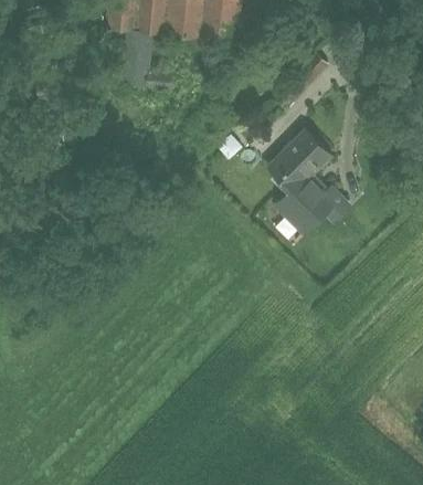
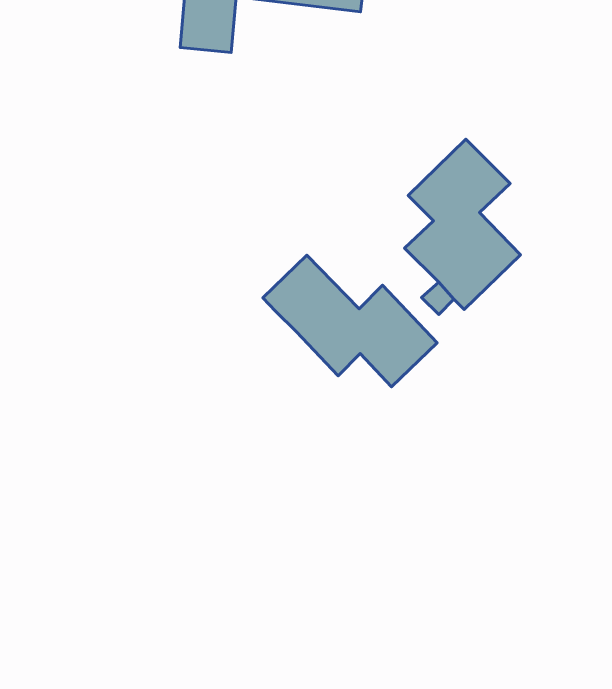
building: none -> [263,255,437,387]

